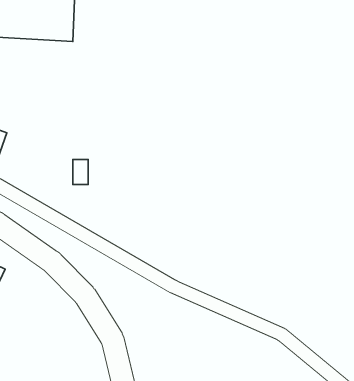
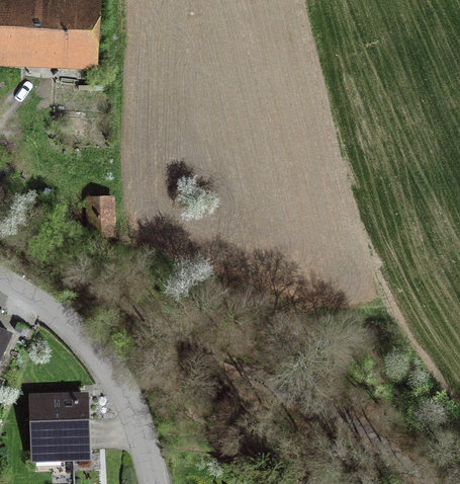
building: none -> [31,397,86,454]

